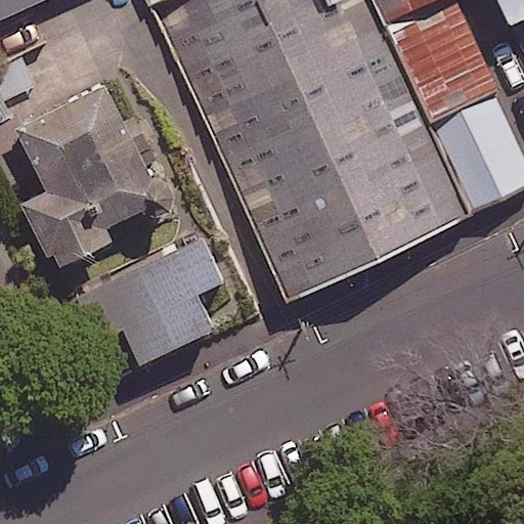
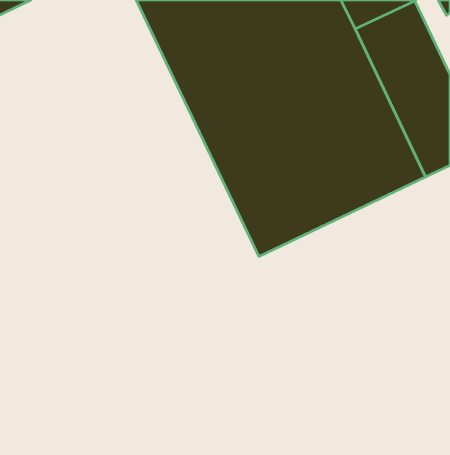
building: [11,89,161,253] -> none
building: [94,231,220,366] -> none

